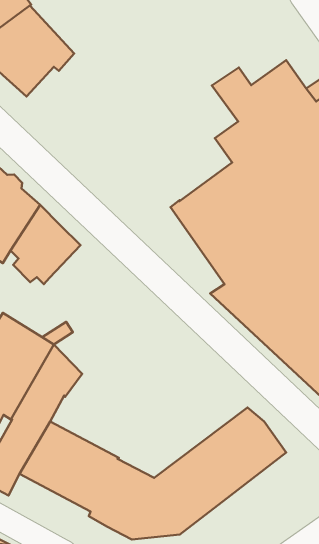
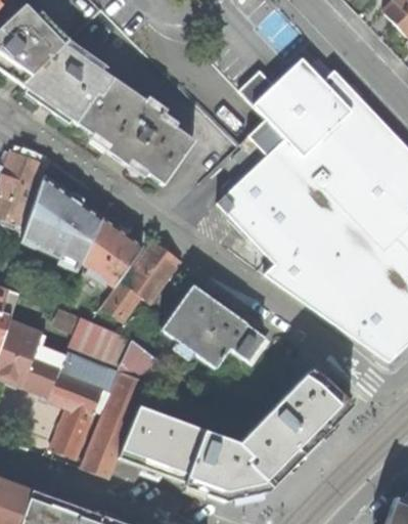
building: none -> [76,78,193,183]
building: none -> [100,241,180,321]
building: none -> [161,285,263,367]

